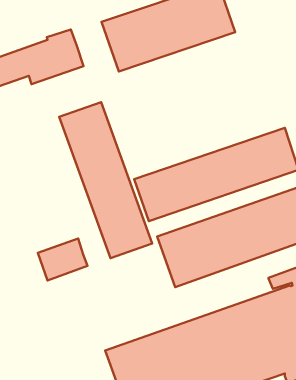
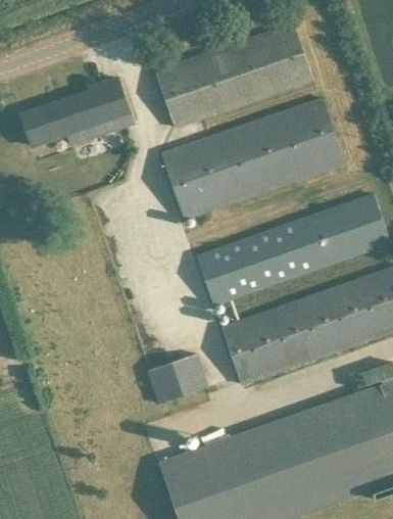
building: none -> [159,96,346,220]
building: [59,102,152,258] -> none
building: [38,238,88,280] -> [149,352,208,403]

